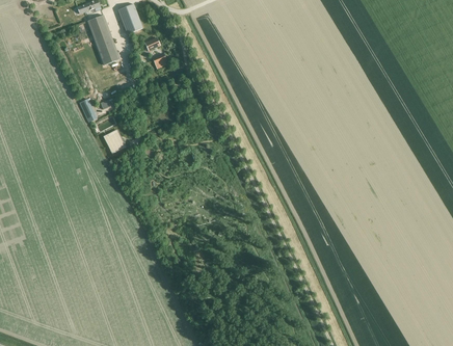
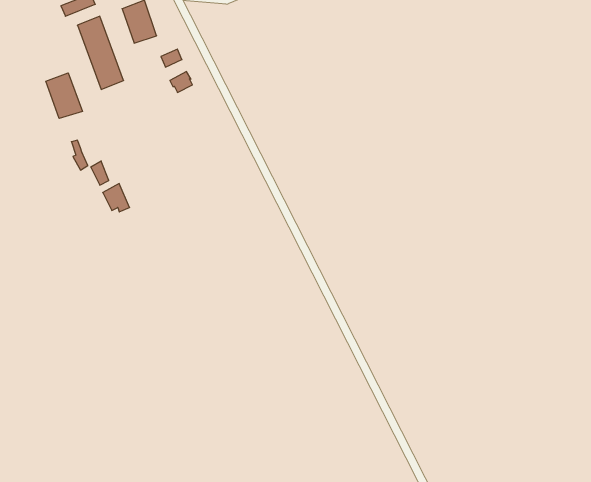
building: none -> [46,73,82,118]

